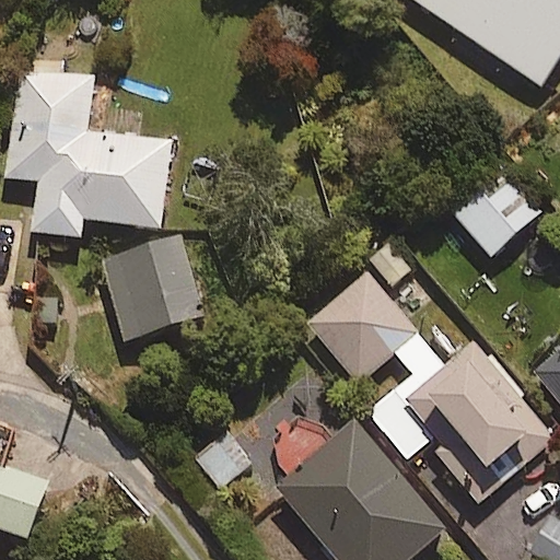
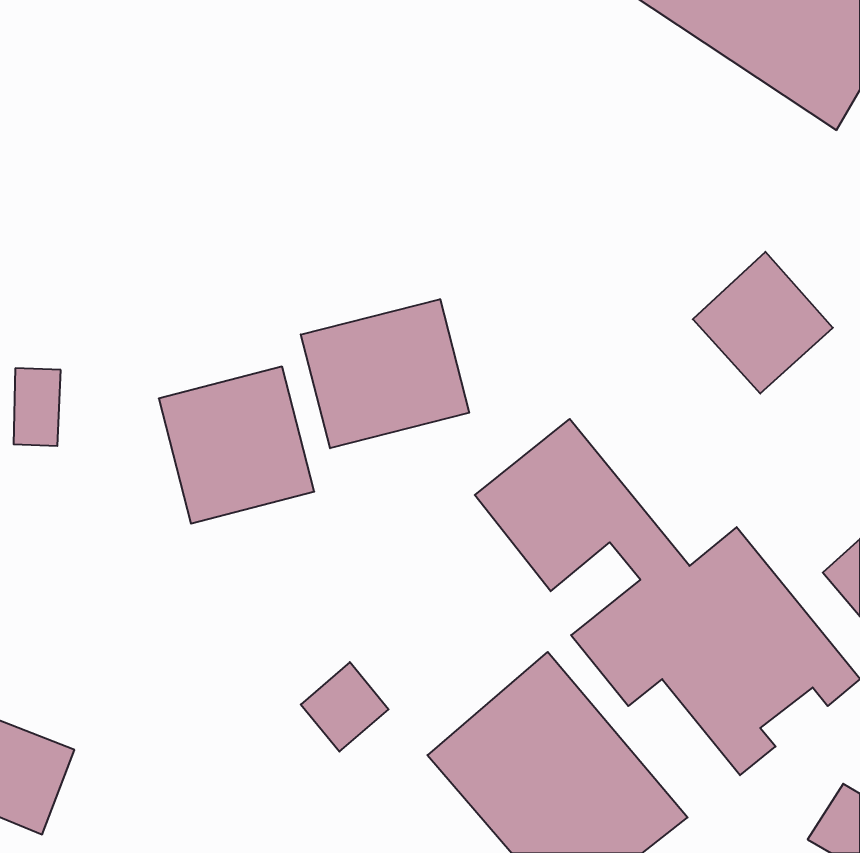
building: [4,70,172,236] -> none
building: none -> [301,299,469,448]

